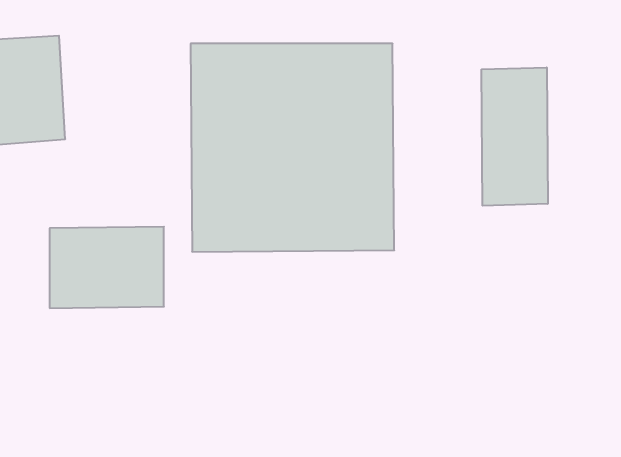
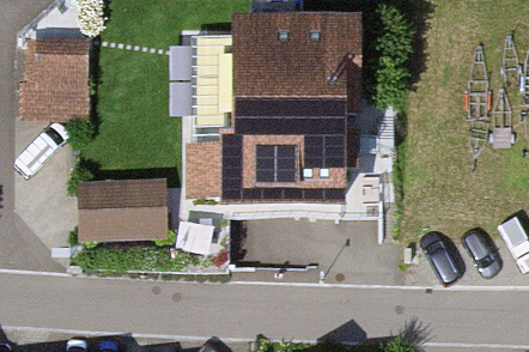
building: [482,67,548,206] -> none

